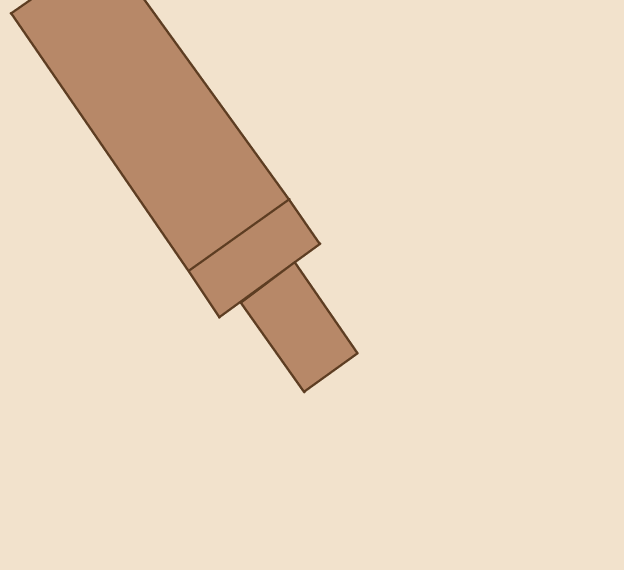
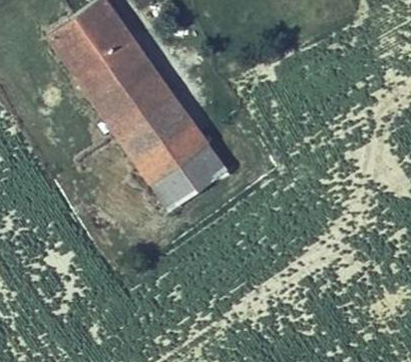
building: [241,262,357,392] -> none

